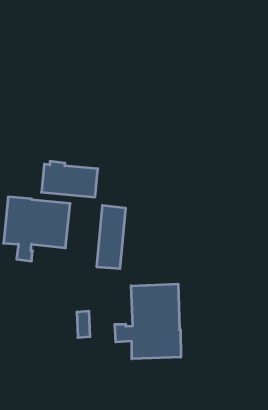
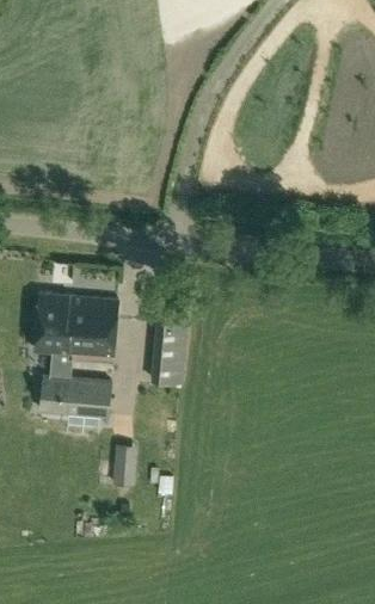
building: [41,161,98,197] -> [38,372,110,418]
building: [115,284,181,359] -> none

